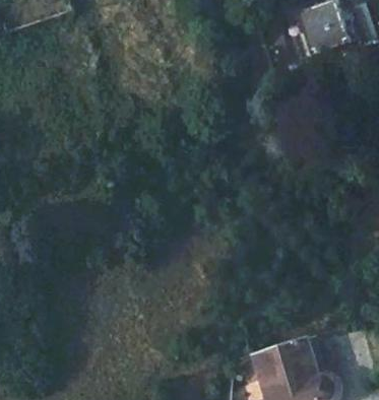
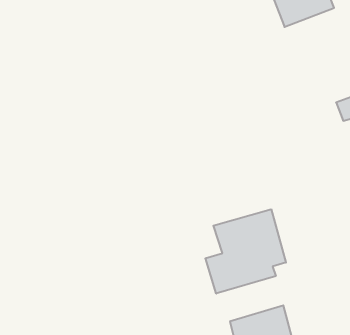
building: none -> [205,209,286,294]

